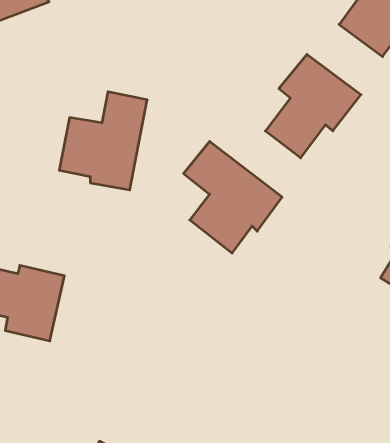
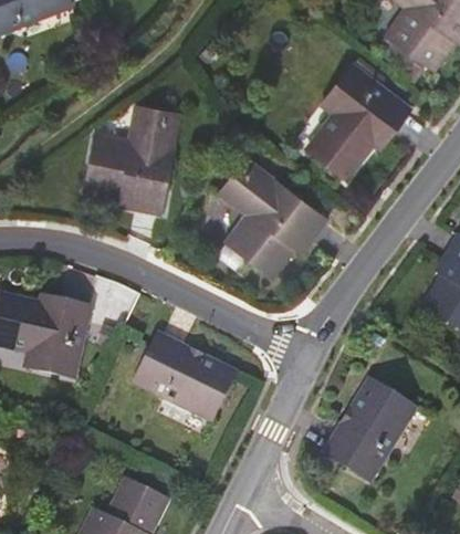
building: none -> [133,337,232,420]
building: none -> [327,376,417,473]

